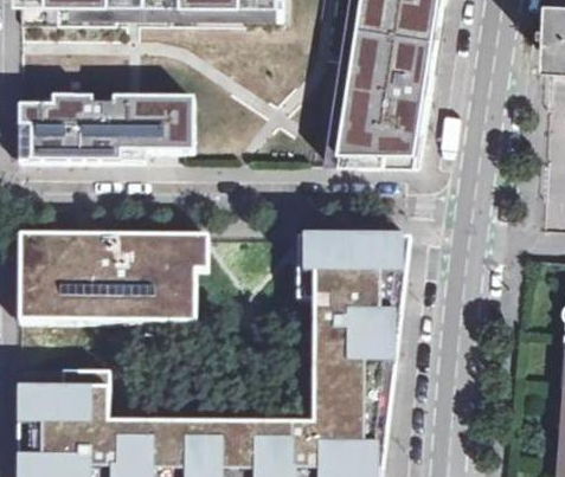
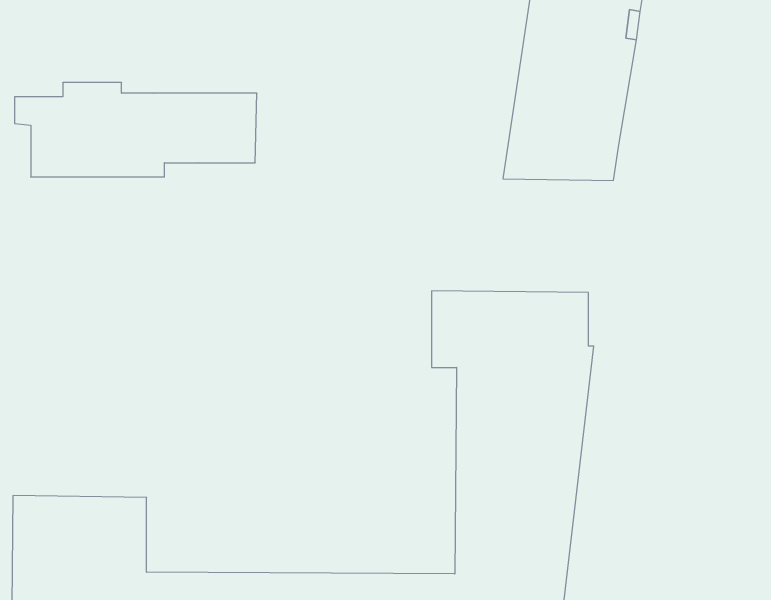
building: [110,94,191,148] -> none
building: [17,232,193,318] -> none

